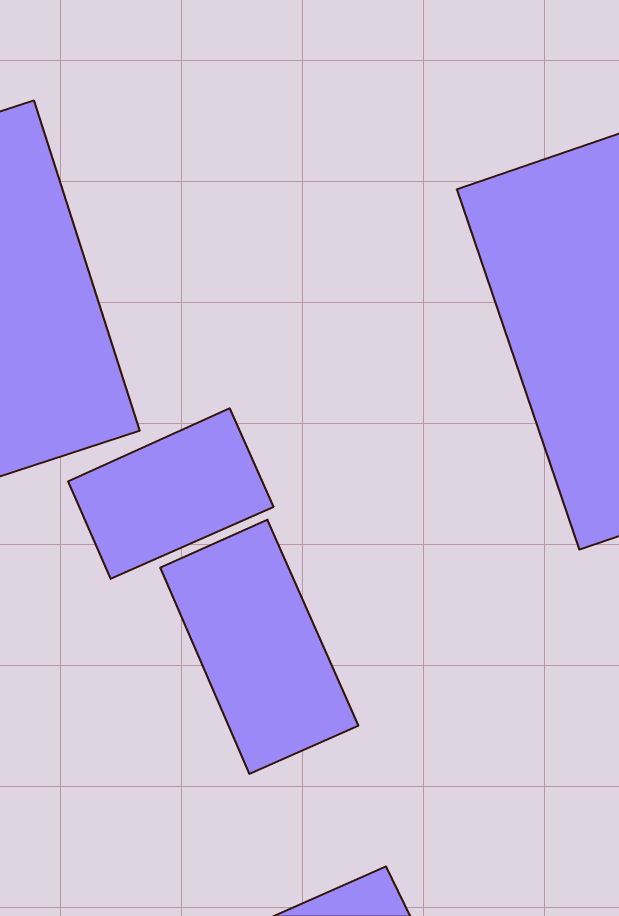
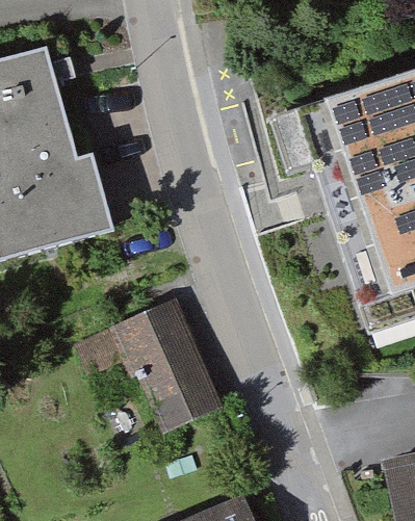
building: [68,408,273,579] -> none

